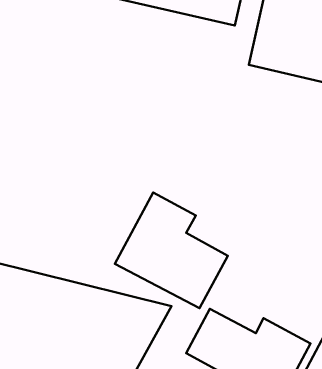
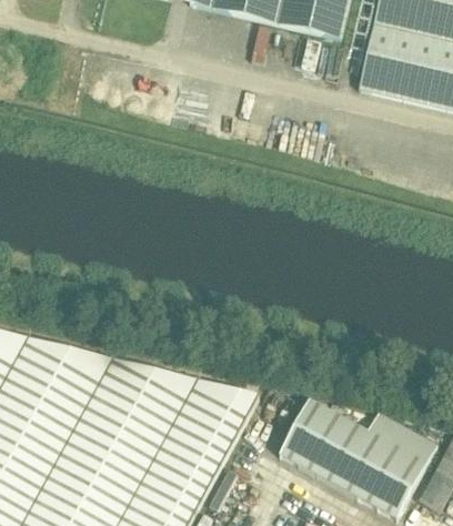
building: [115,192,228,308] -> none

